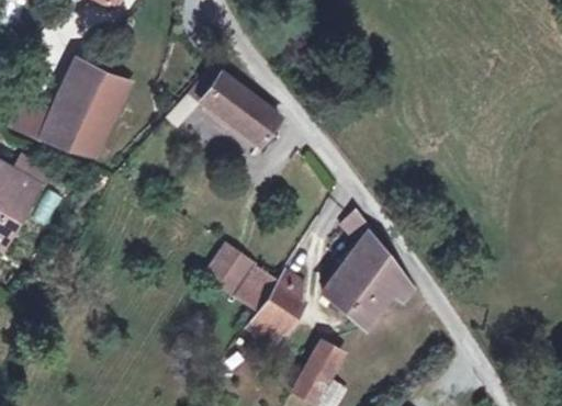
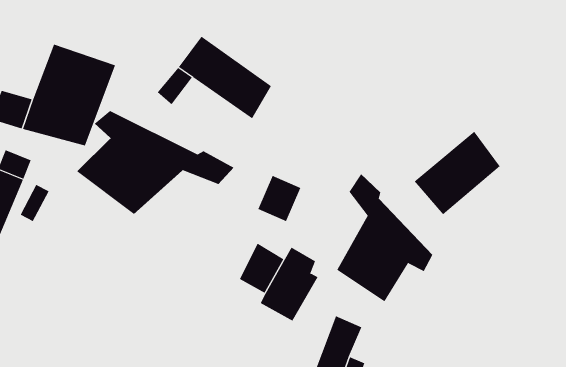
building: none -> [76,110,235,215]
building: none -> [414,131,500,215]
building: [202,245,245,290] -> [257,175,301,222]

